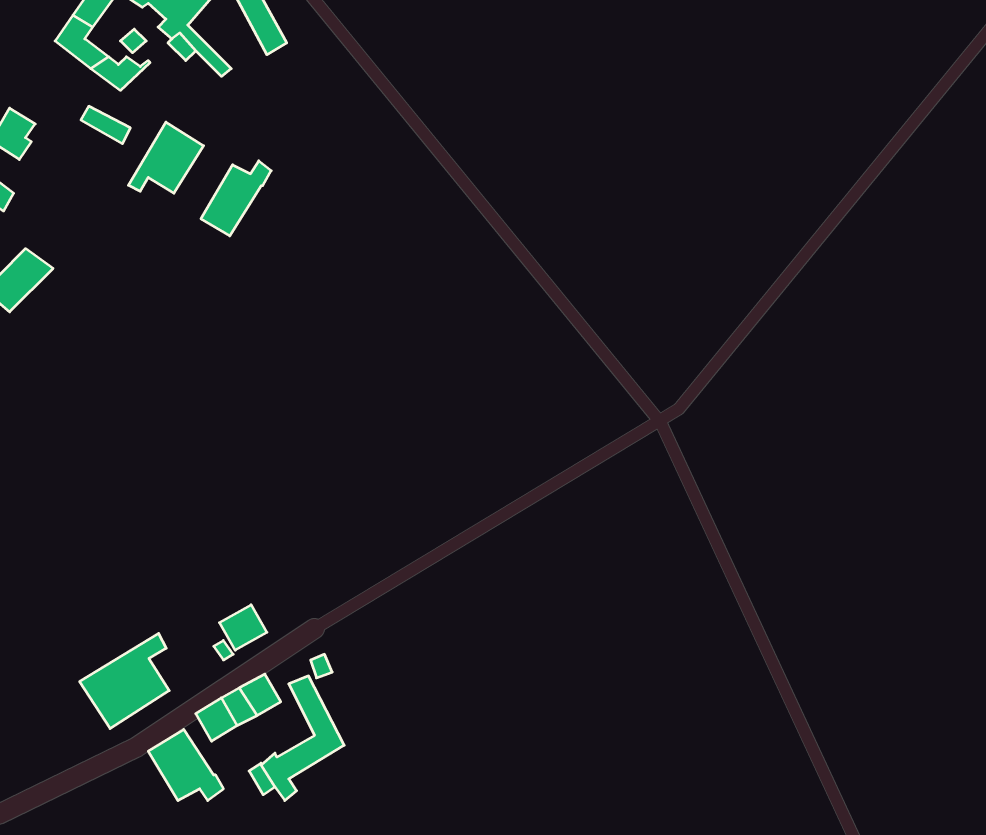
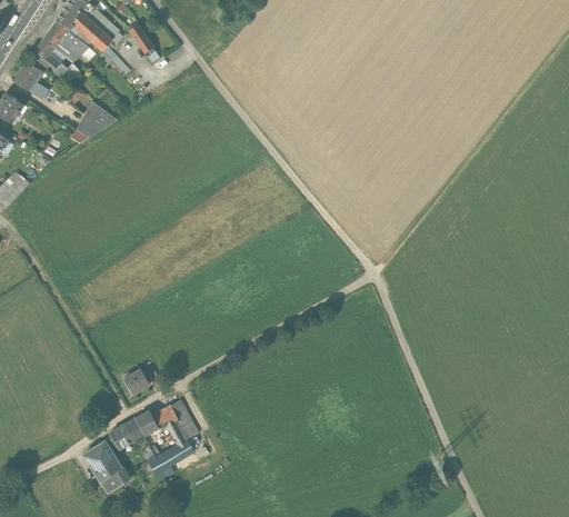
building: none -> [12,61,41,92]
building: [201,161,271,236] -> none
building: [80,633,169,729] -> none

